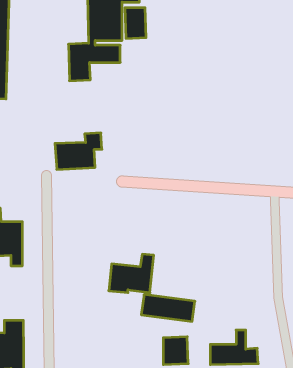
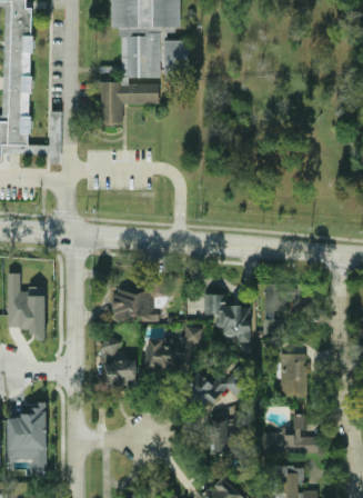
building: [55,133,102,169] -> [112,279,167,321]
building: none -> [263,282,298,335]
building: none -> [203,293,249,341]
building: none -> [100,337,131,388]
building: none -> [279,352,305,395]

